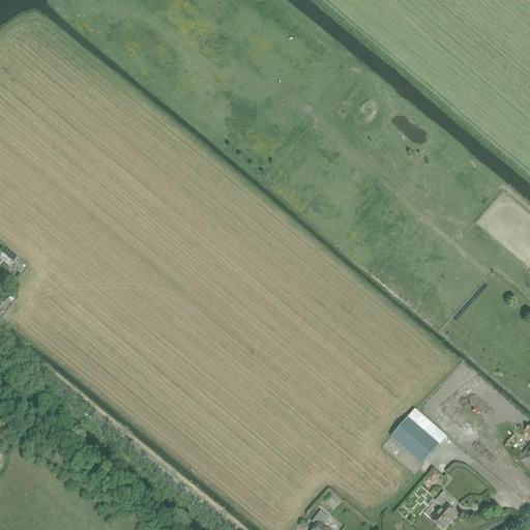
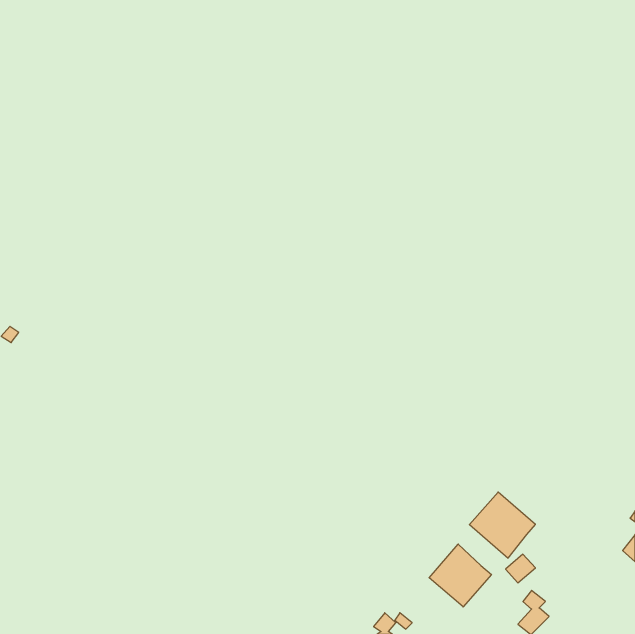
building: none -> [429,544,491,607]

